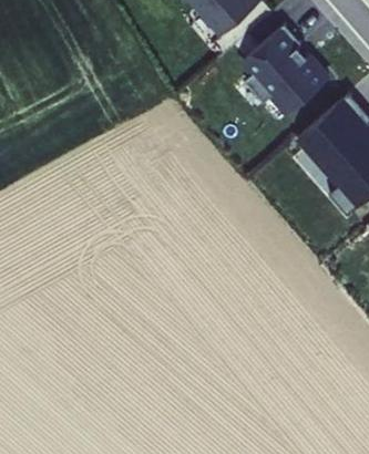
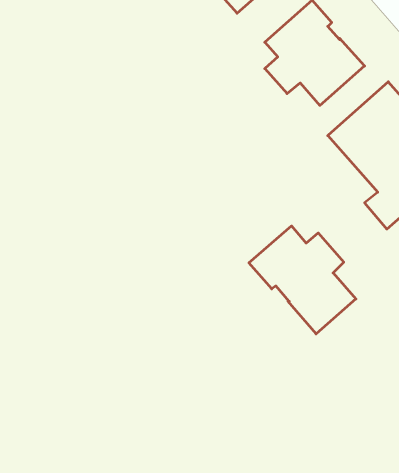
building: none -> [249,226,356,334]

